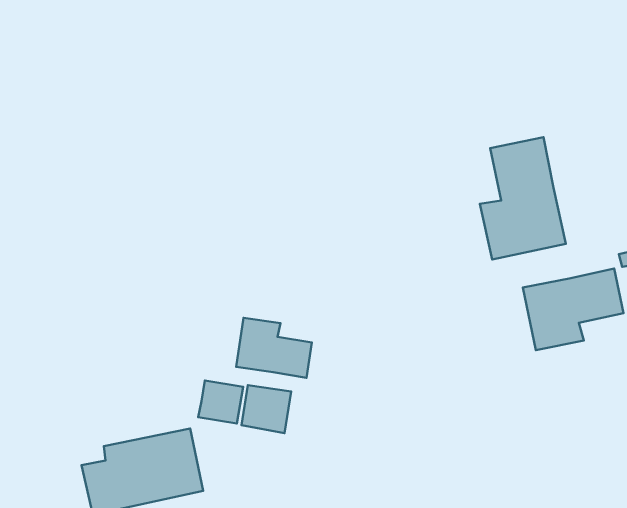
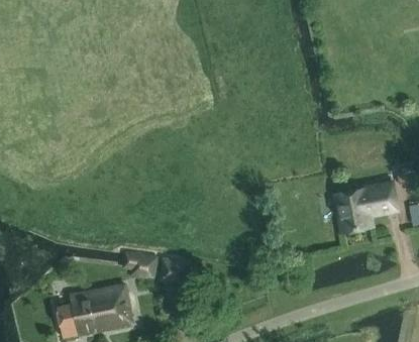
building: [480,137,566,260] -> none
building: [236,318,312,378] -> none

